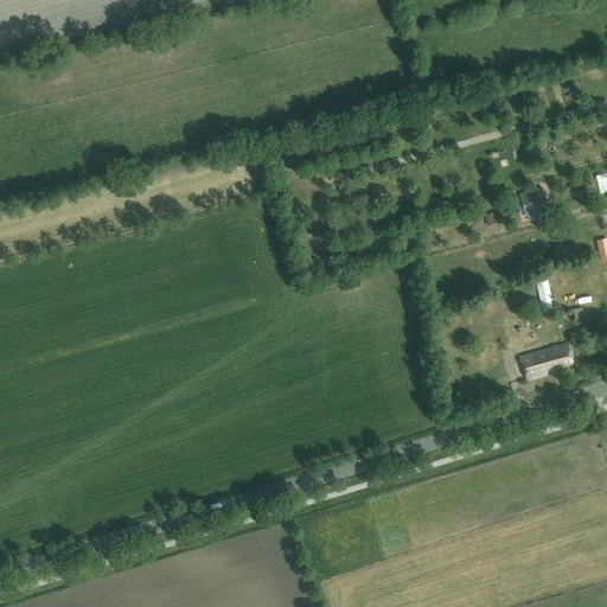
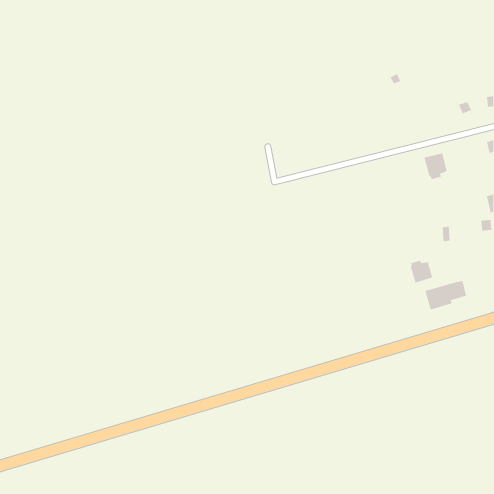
building: none -> [410,260,433,284]

